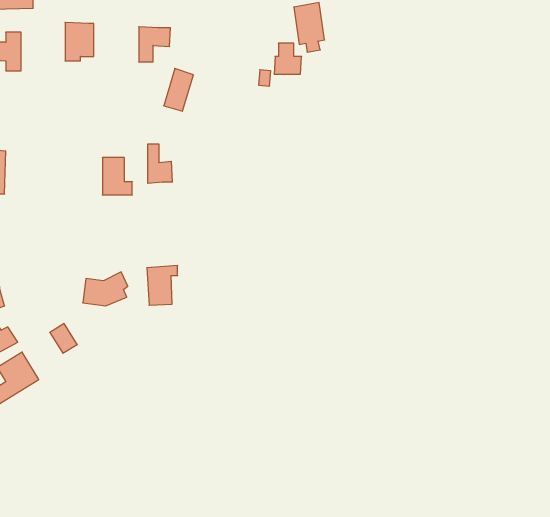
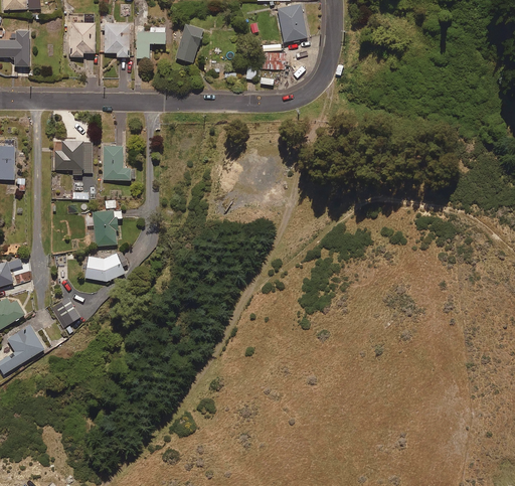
building: none -> [104,23,129,57]
building: [164,68,193,111] -> [175,24,202,63]
building: [148,144,172,183] -> none
building: none -> [53,141,92,173]
building: [147,266,178,305] -> [93,210,121,247]

